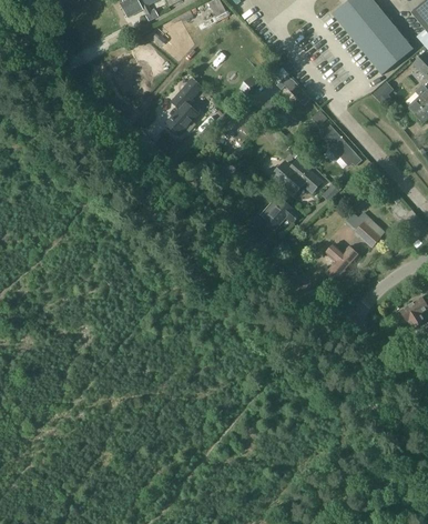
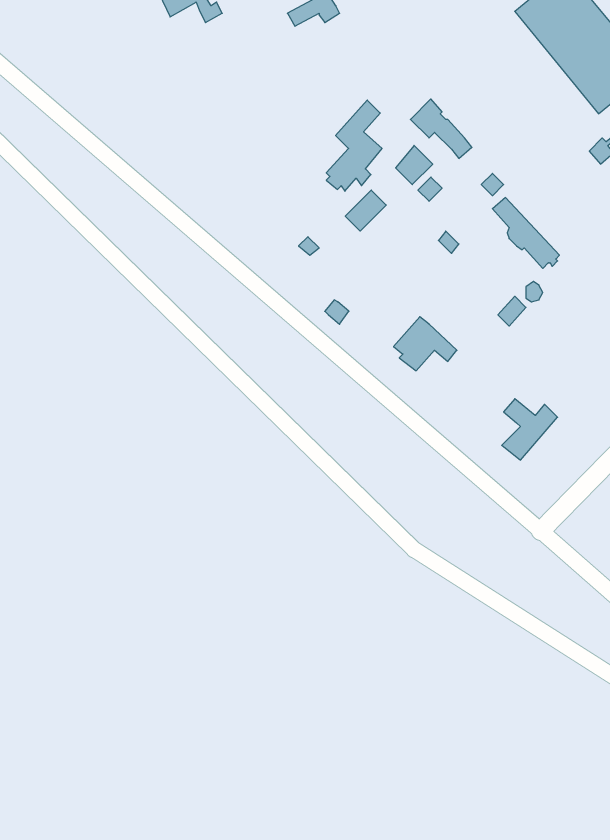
building: [167,79,201,133] -> [326,100,382,191]
building: [271,160,318,194] -> none
building: [345,211,384,245] -> none

